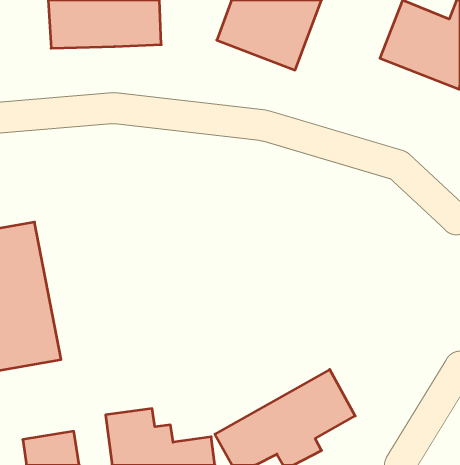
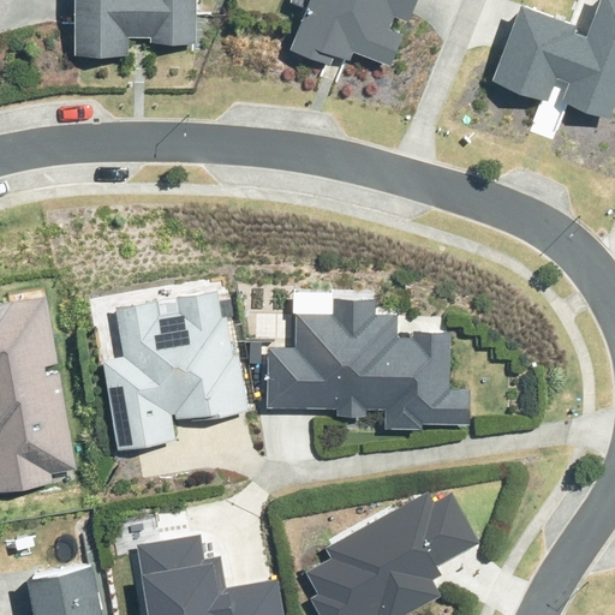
building: none -> [85,295,249,448]
building: none -> [258,315,480,414]

